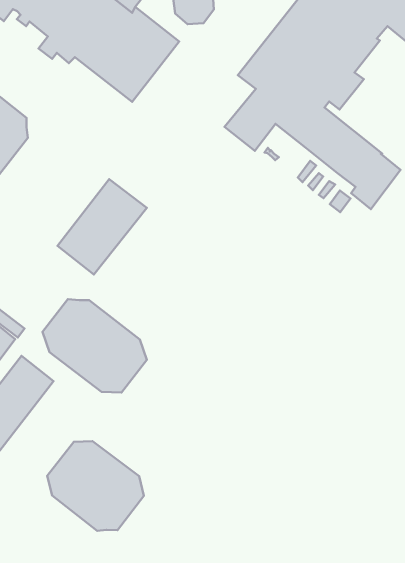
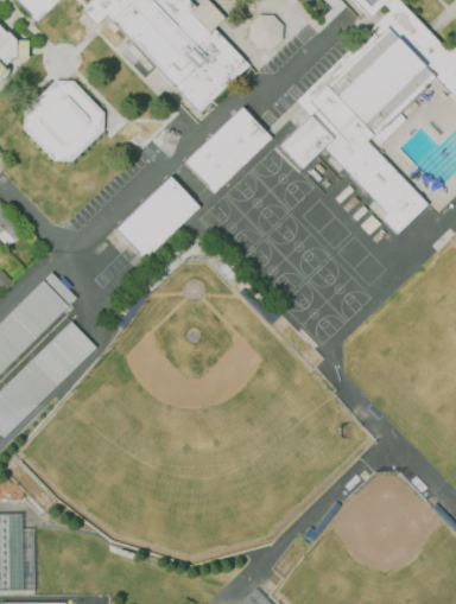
building: none -> [184,107,271,193]
building: [43,299,147,393] -> none
building: [47,441,144,531] -> none

